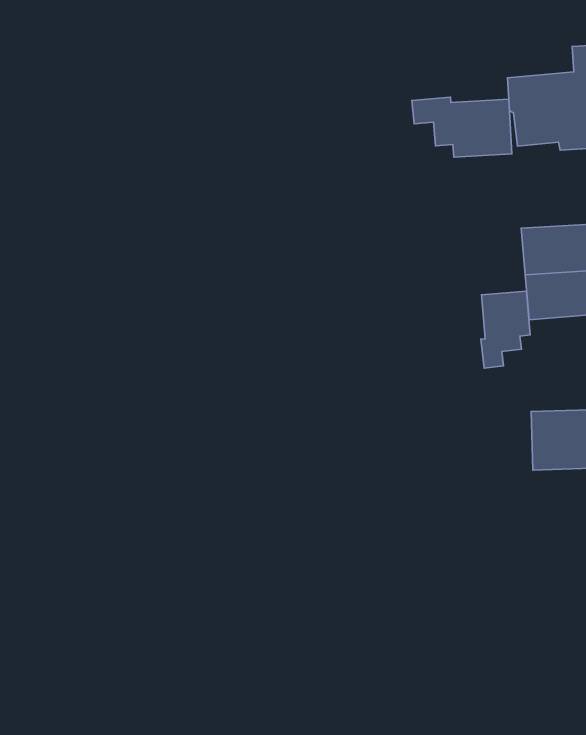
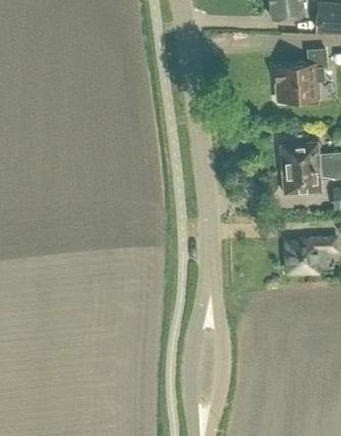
building: [412,97,512,157] -> none
building: [481,291,530,368] -> none

